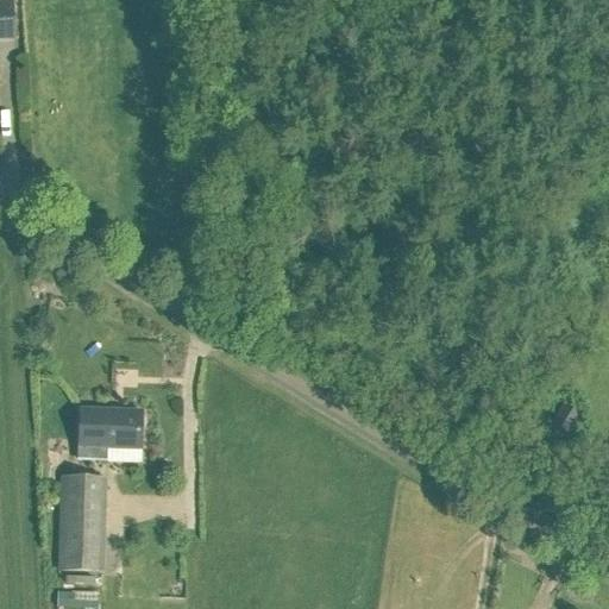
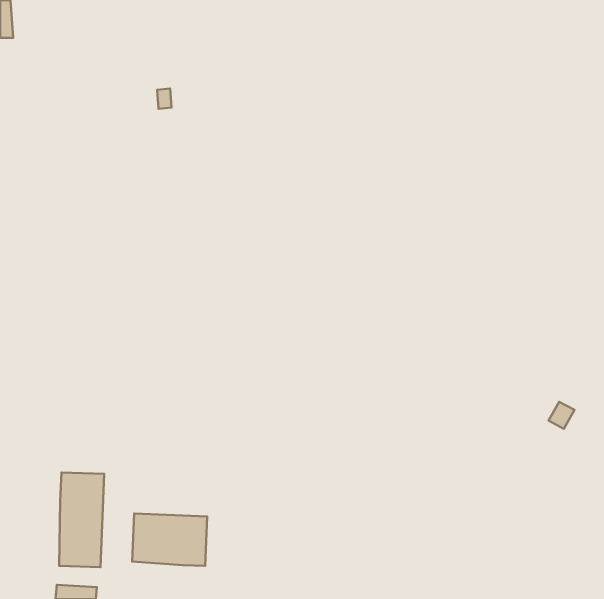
building: [77,407,142,450] -> none
building: none -> [132,514,207,566]

